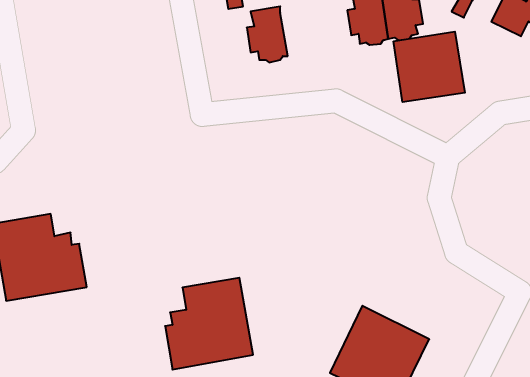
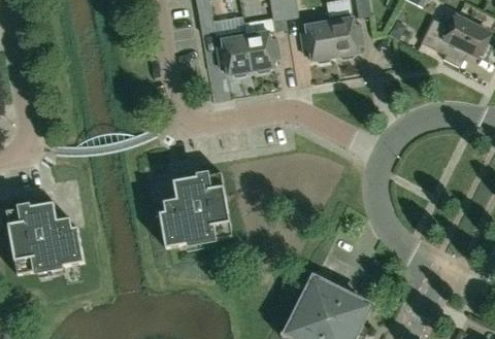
building: none -> [244,31,279,72]
building: [394,32,465,102] -> none
building: [165,278,253,370] -> [159,172,232,248]

